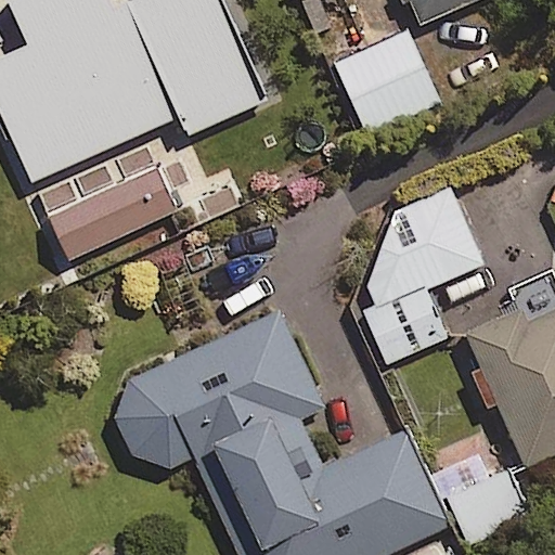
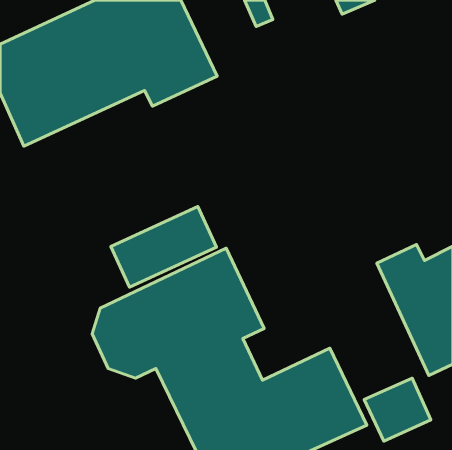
building: [335,31,437,130] -> none
building: [49,163,178,261] -> [111,207,216,287]
building: [346,190,482,362] -> none

